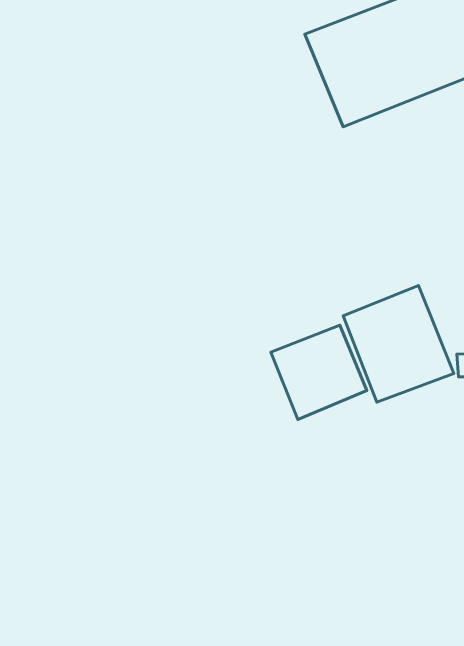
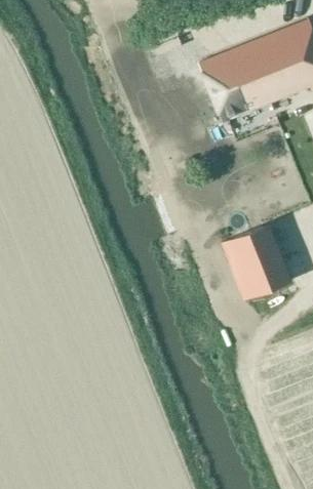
building: [271,325,367,419] -> none

